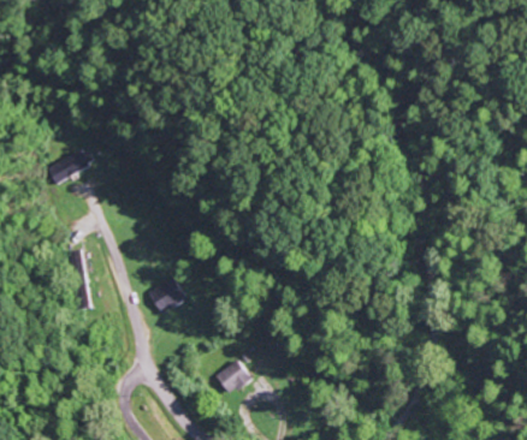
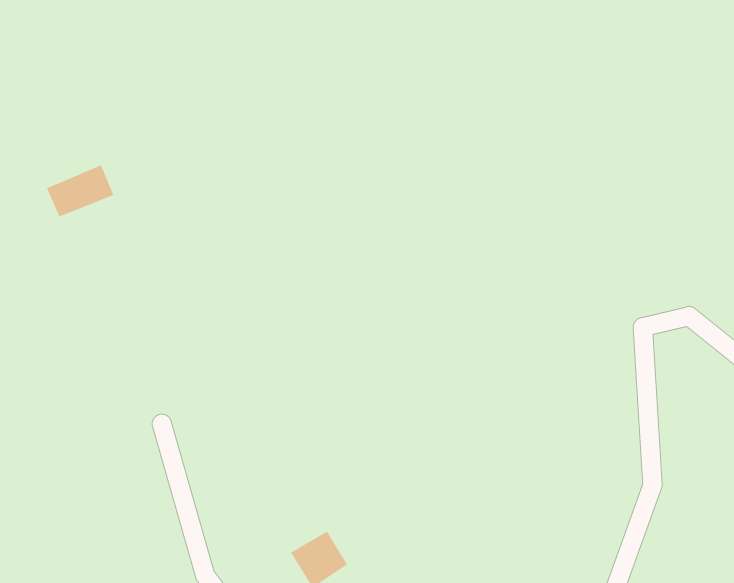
building: [147,277,182,311] -> none

